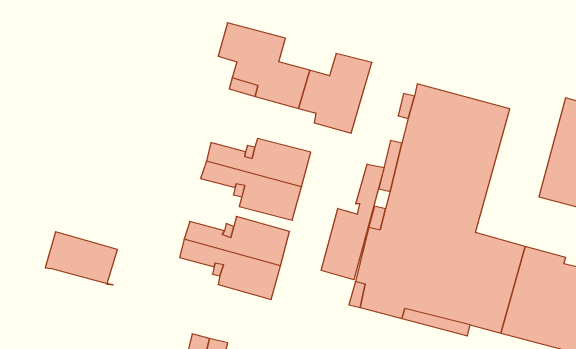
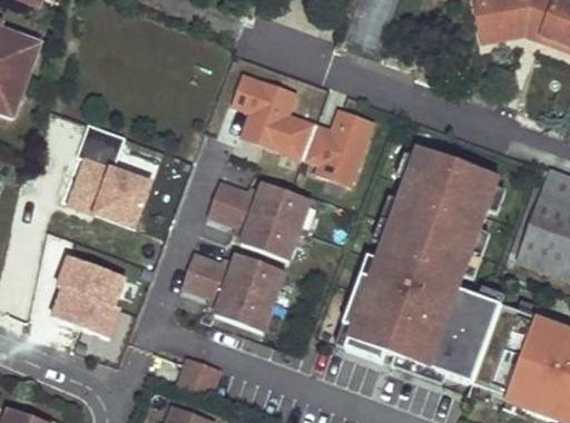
building: none -> [70,124,153,227]
building: [321,164,384,280] -> none
building: none -> [51,287,119,341]

